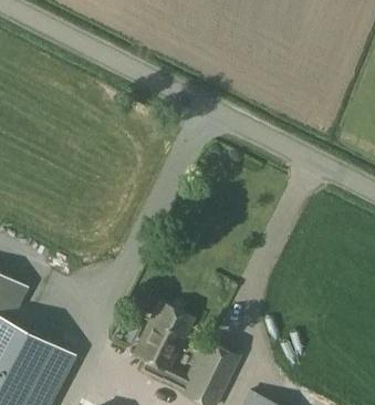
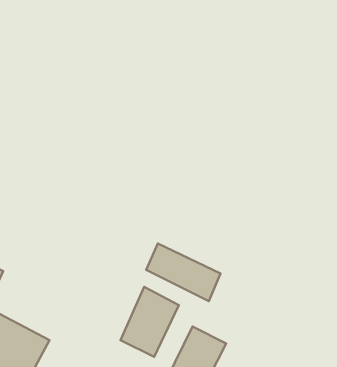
building: none -> [146,244,220,301]

